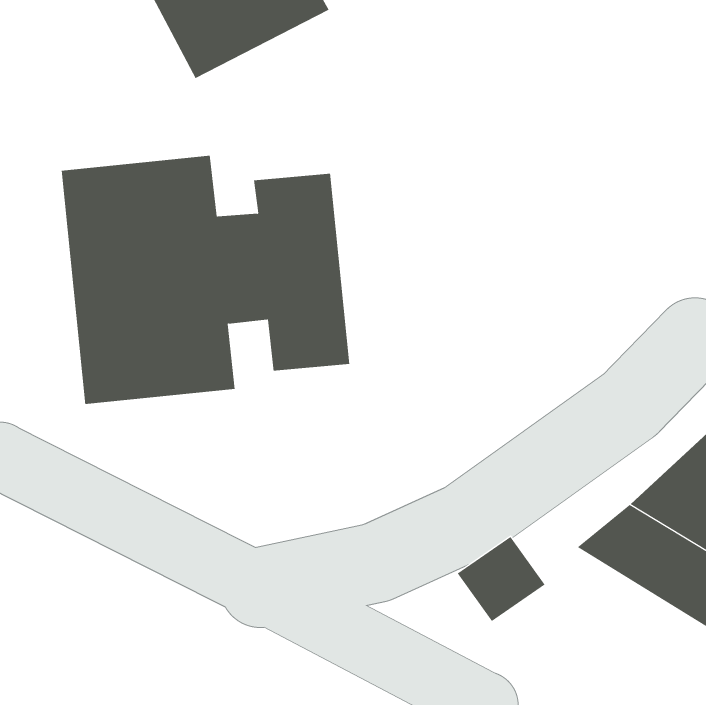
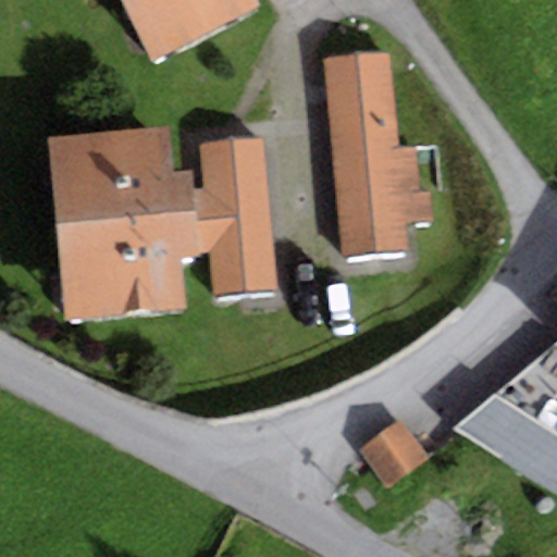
building: none -> [322,49,433,258]

